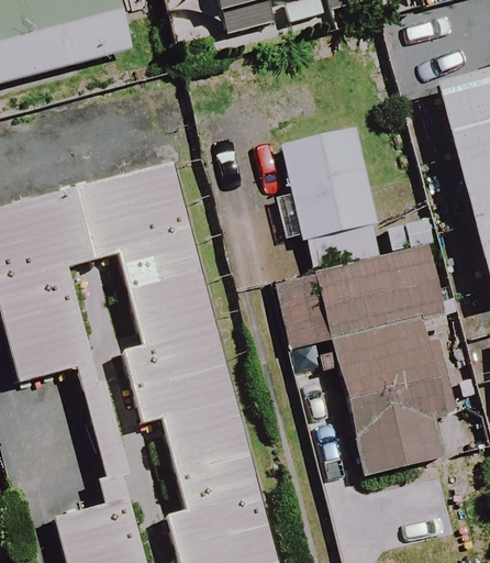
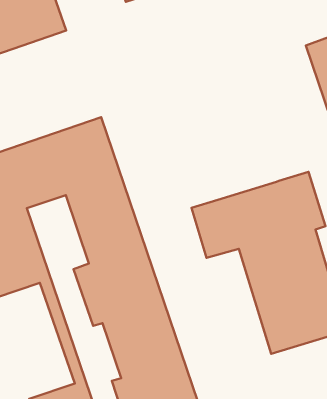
building: [282,130,388,276] -> none

